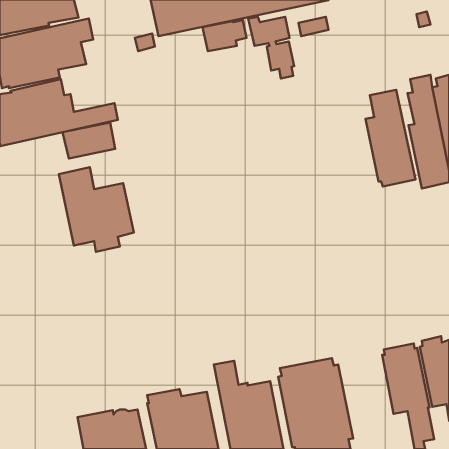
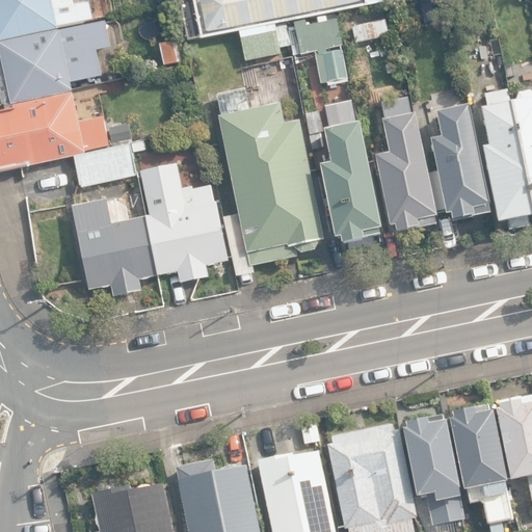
building: none -> [216,87,324,275]
building: none -> [319,108,381,244]
building: none -> [376,114,436,232]
building: none -> [139,163,228,282]
building: none -> [404,415,464,525]

